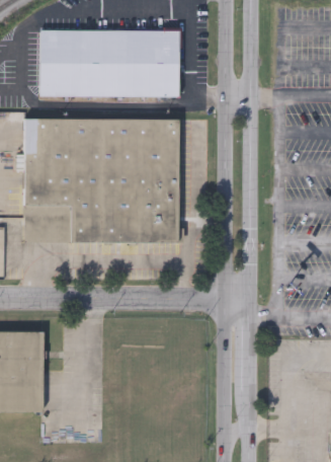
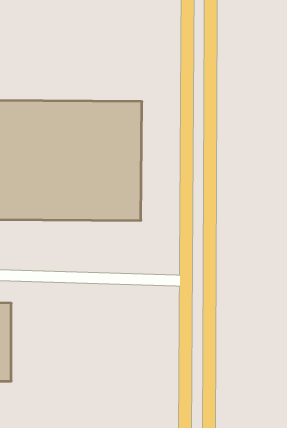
building: [38,27,180,99] -> none

